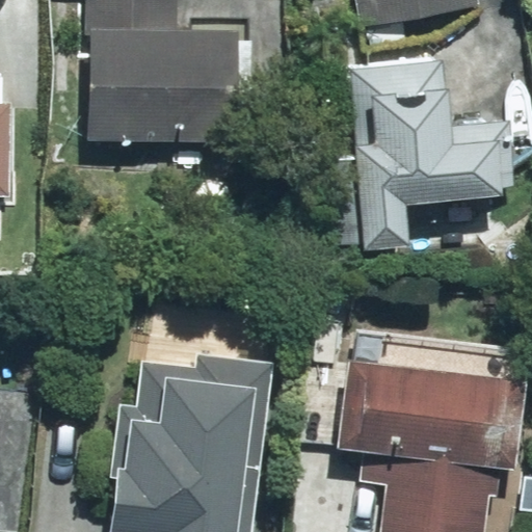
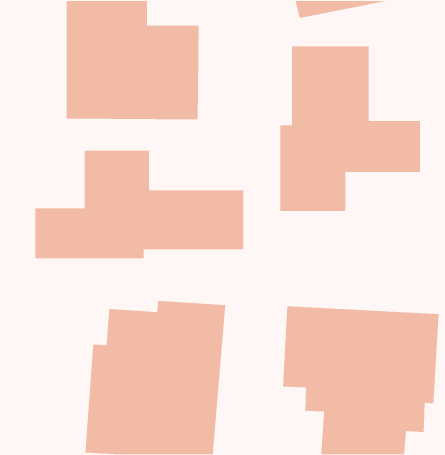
building: none -> [34,150,244,259]

